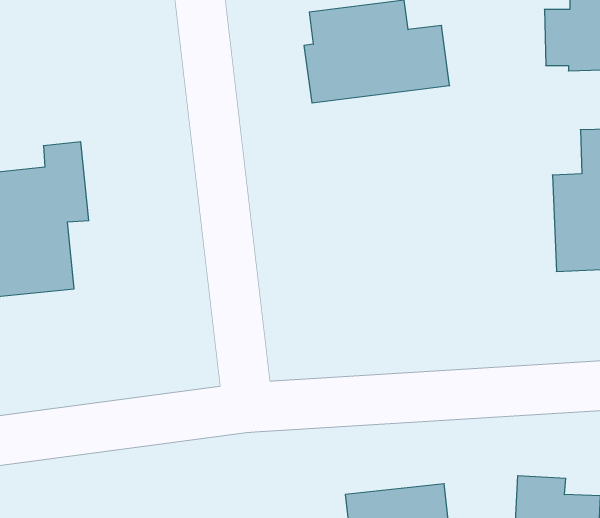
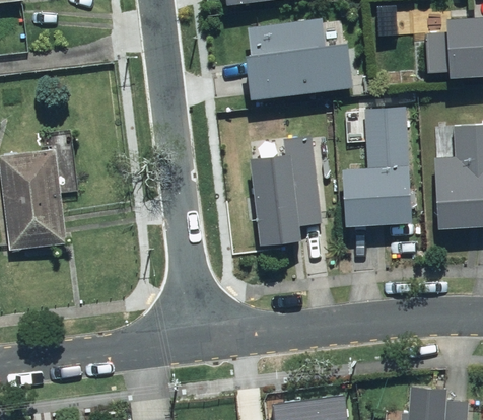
building: none -> [340,108,411,226]
building: none -> [247,136,323,248]

